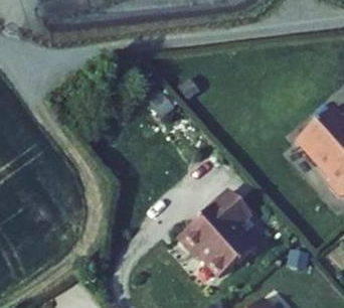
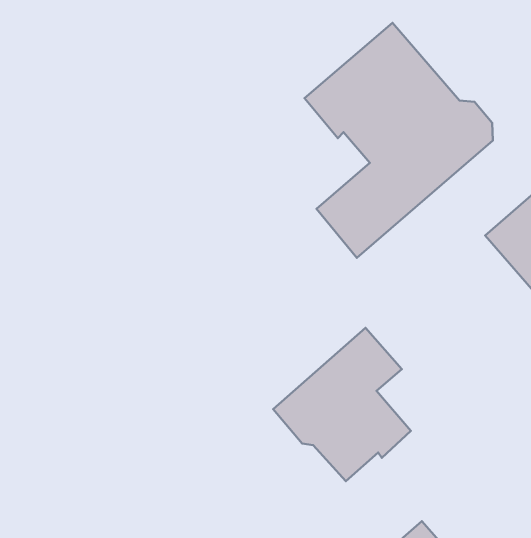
building: none -> [305,23,493,258]

